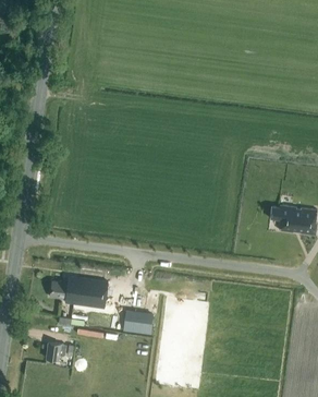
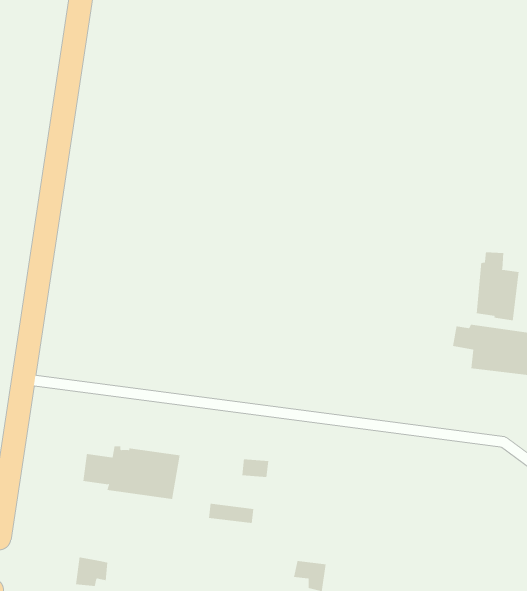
building: none -> [476,251,519,321]

